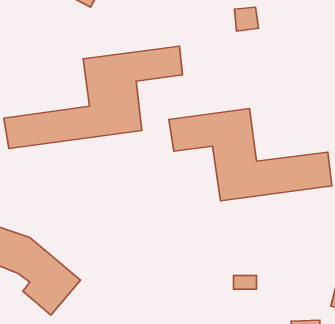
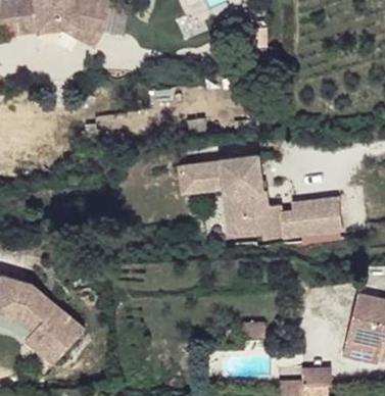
building: [4,46,182,148] -> none

